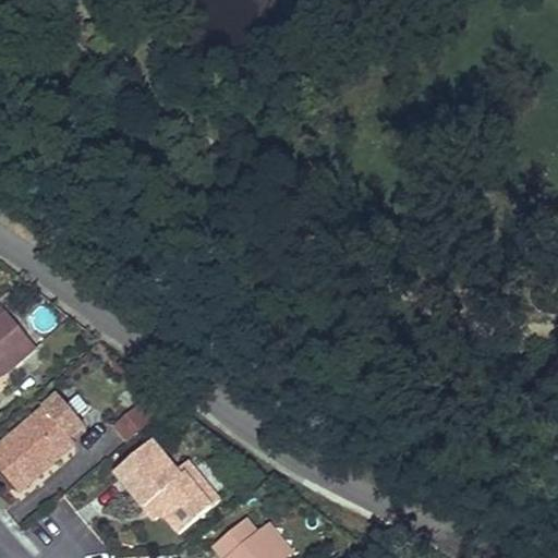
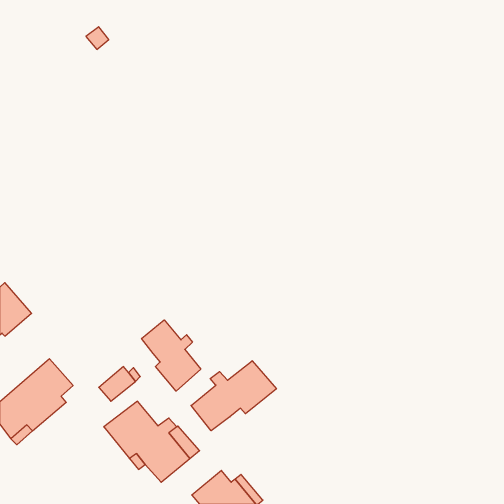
building: none -> [142,320,201,391]
building: none -> [191,361,276,431]

